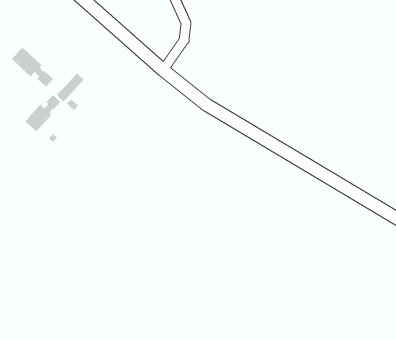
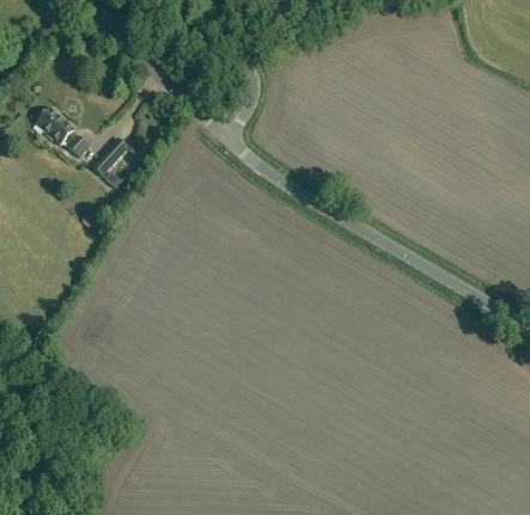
building: [24,94,61,132] -> none

